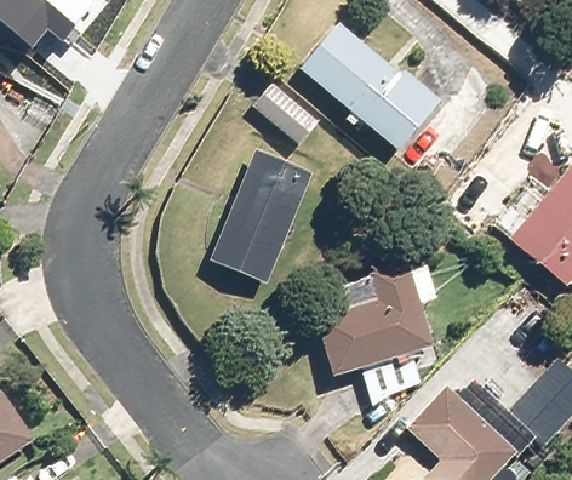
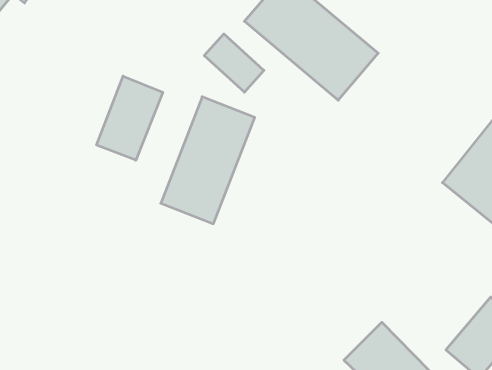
building: none -> [97,76,163,160]
building: [318,264,431,375] -> none

